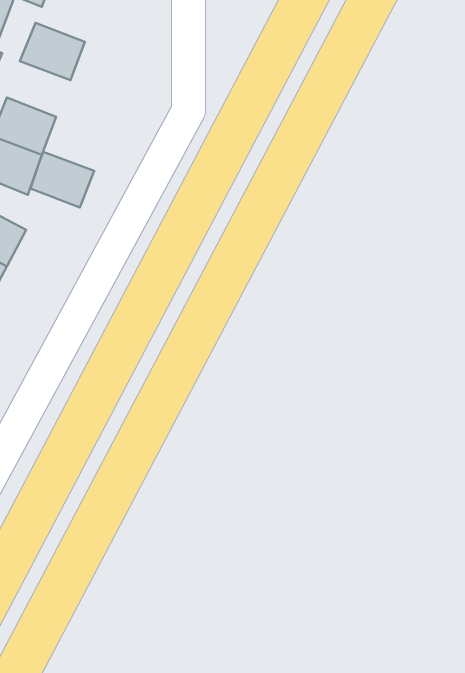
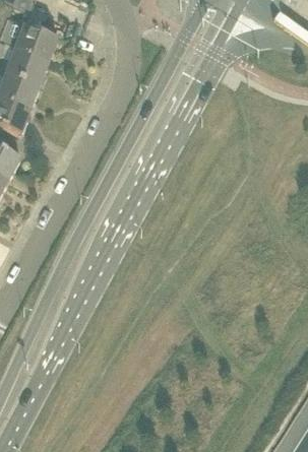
building: [31,152,94,208] -> [7,50,48,85]

